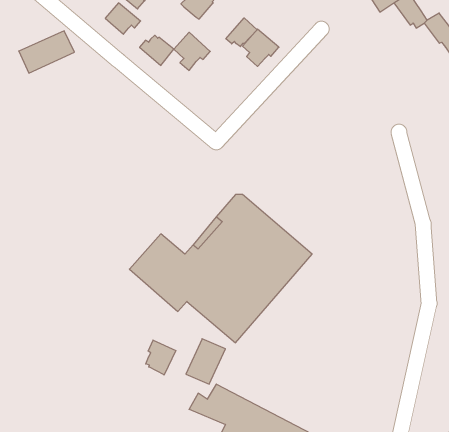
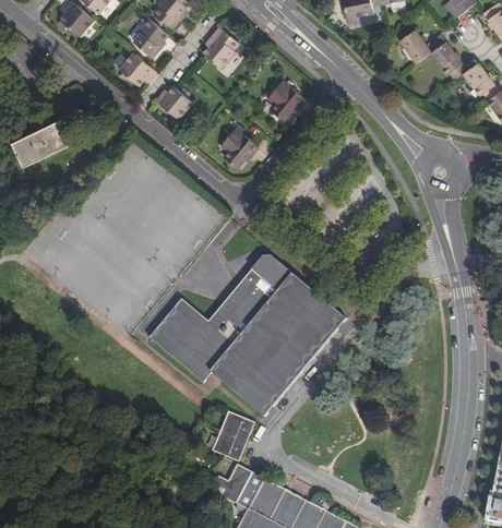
building: [226,18,257,47] -> none
building: [19,31,74,73] -> [15,123,75,169]
building: [174,32,210,70] -> [219,127,259,168]
building: [146,340,176,375] -> none

